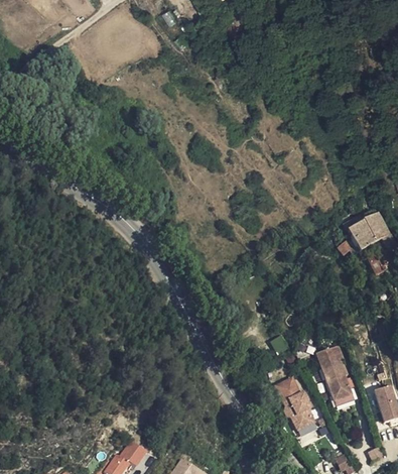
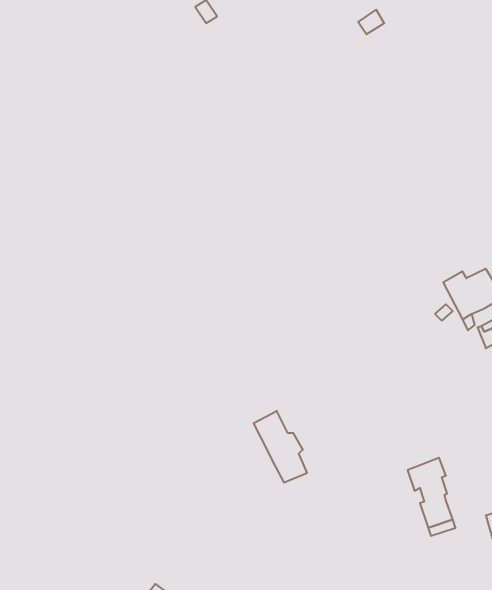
building: [275,378,314,431] -> [254,411,307,482]

